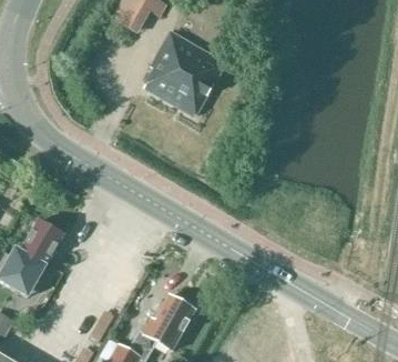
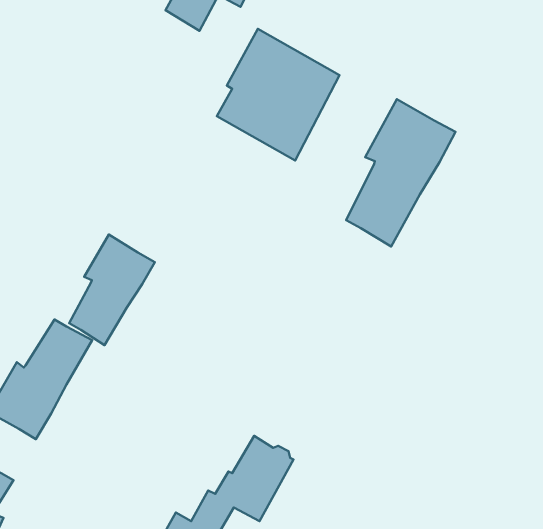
building: none -> [346,99,456,246]
building: none -> [69,235,155,345]

